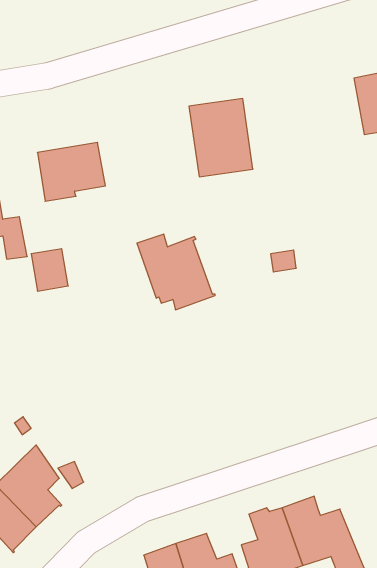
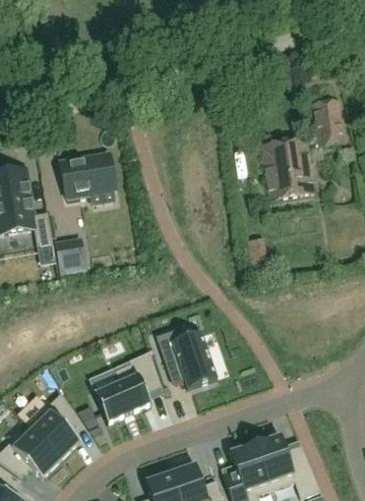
building: [189,99,253,177] -> [263,137,314,200]
building: [137,234,215,310] -> [156,329,218,389]
building: none -> [94,351,161,425]

